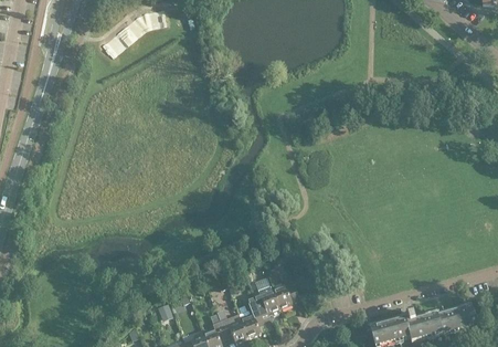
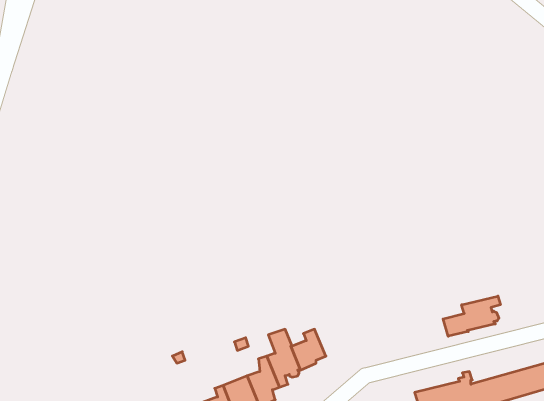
building: none -> [443,296,500,336]

